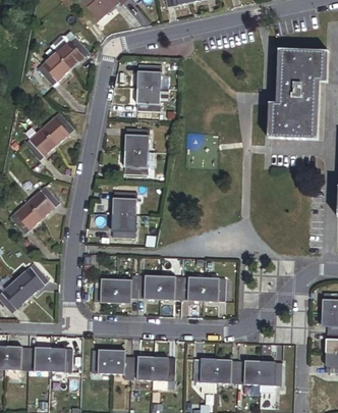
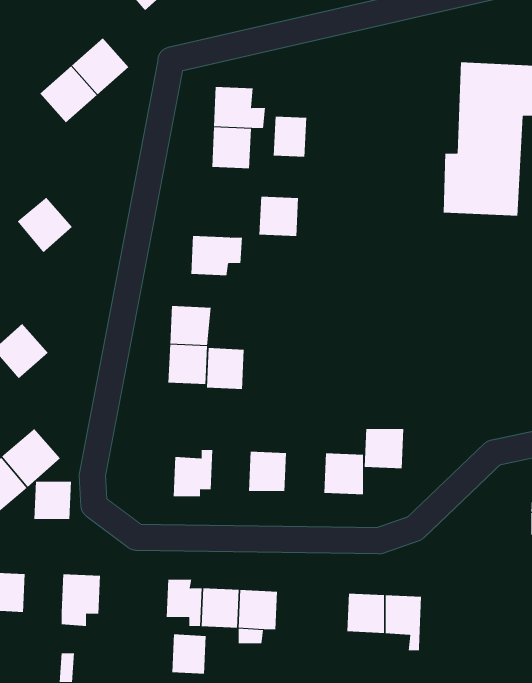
building: none -> [273,116,307,157]
building: [41,111,73,145] -> none
building: [125,127,149,151] -> [259,196,299,236]
building: [26,186,59,218] -> none
building: [136,274,159,299] -> [206,348,245,390]
building: [179,276,203,300] -> [364,429,404,469]
building: [93,277,115,302] -> none
building: [27,347,50,369] -> [33,481,72,520]
building: [91,349,111,372] -> [171,634,206,674]
building: [193,357,216,388] -> none
building: [258,360,282,390] -> none

